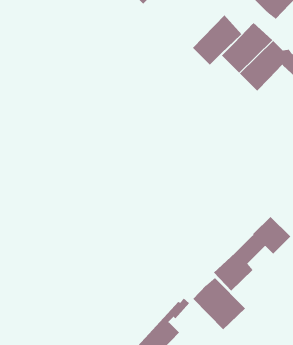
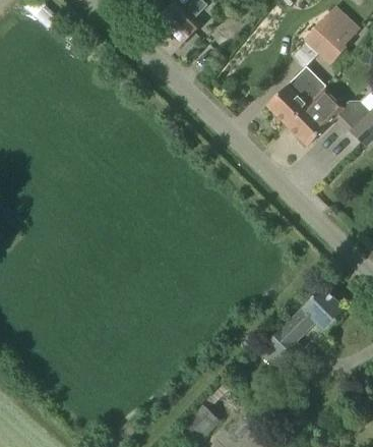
building: [192,15,242,66] -> none
building: [192,277,246,330] -> none

